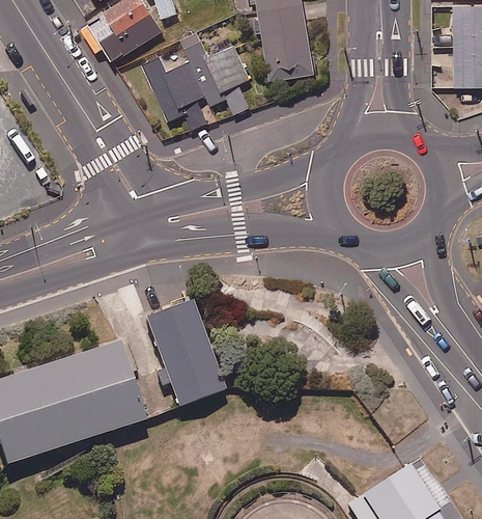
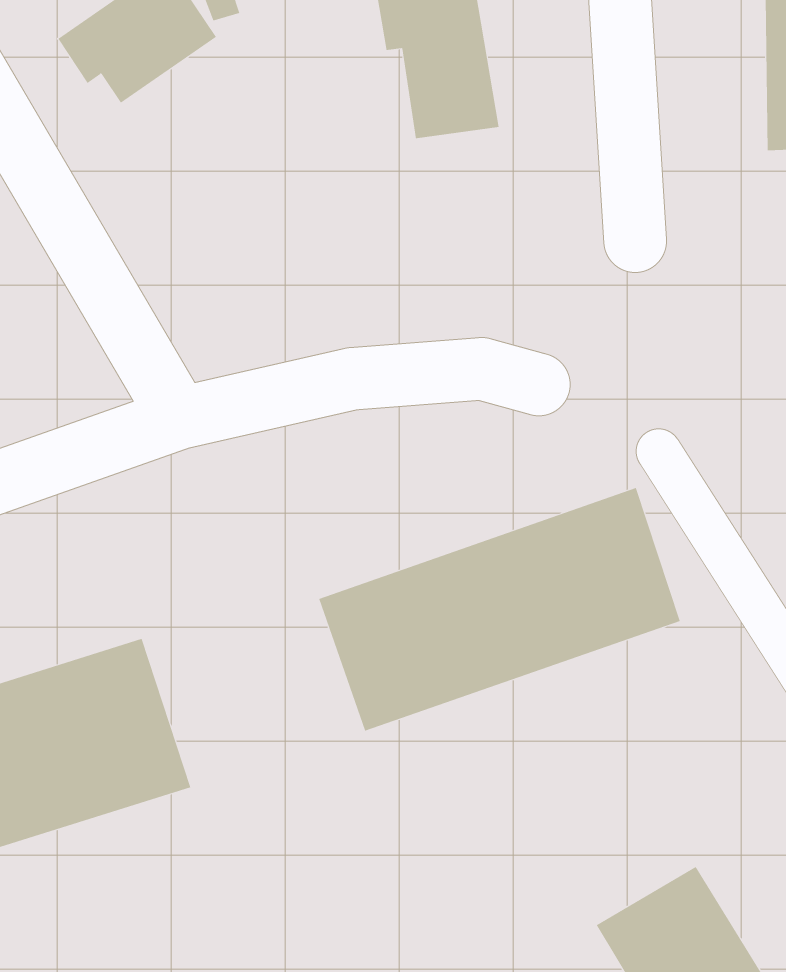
building: [141,30,246,128] -> none
building: none -> [319,487,681,731]
building: [148,300,227,406] -> none

